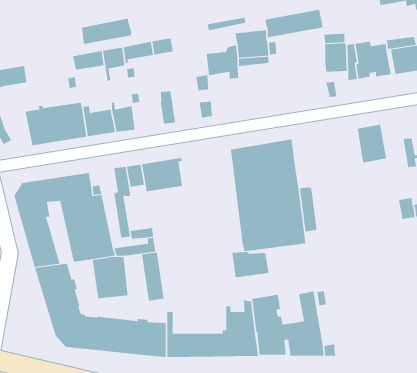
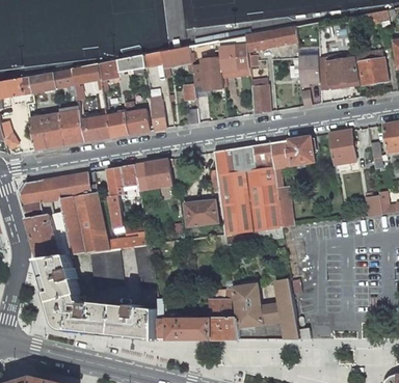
building: [81,18,132,45] -> [29,67,75,91]
building: none -> [161,46,191,67]
building: none -> [250,84,269,113]
building: none -> [126,109,149,134]
building: none -> [270,136,315,167]
building: [231,251,269,278] -> [184,201,218,225]

